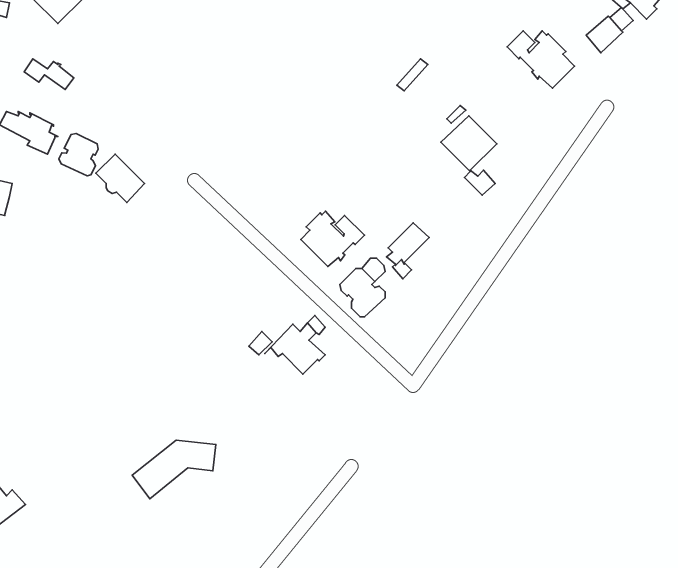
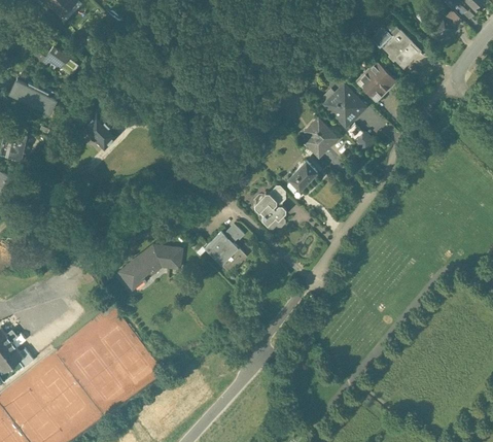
building: none -> [356,60,397,101]
building: [59,133,98,176] -> none
building: none -> [304,118,338,157]
building: [301,211,364,267] -> none
building: [132,440,216,499] -> [122,247,181,288]

